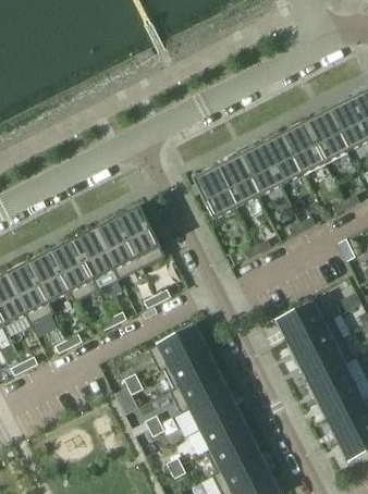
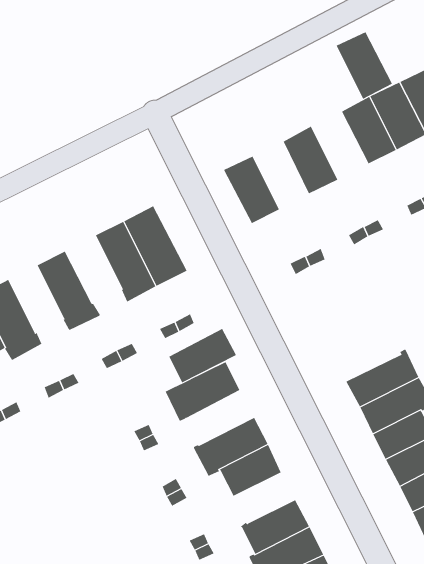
building: [260,133,304,185] -> [336,31,393,100]
building: [216,156,258,208] -> none
building: [72,227,115,280] -> none
building: [28,250,71,302] -> none
building: [277,298,329,339] -> none
building: [164,346,217,388] -> [168,328,237,383]
building: [200,409,248,448] -> none

